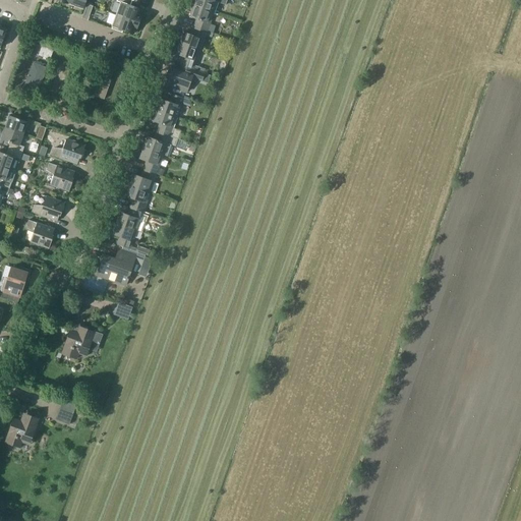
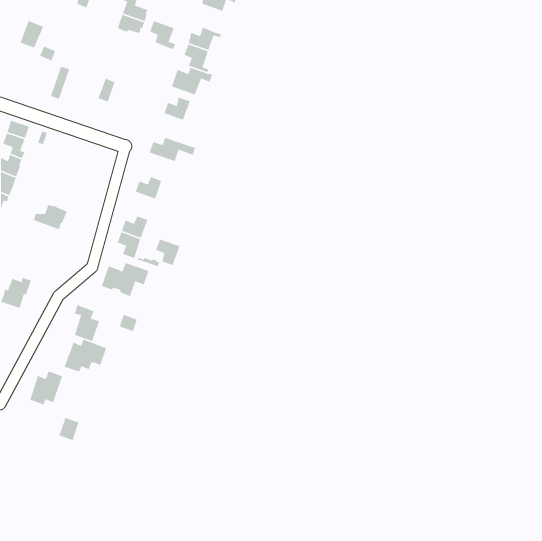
building: [189,4,215,33] -> [149,20,176,50]
building: [24,61,48,89] -> [20,20,44,49]
building: [153,109,183,139] -> none
building: [52,138,84,163] -> none
building: [138,147,165,175] -> none
building: [46,162,74,190] -> none
building: [125,184,150,211] -> [155,239,181,266]
building: [25,219,54,247] -> none
building: none -> [74,304,100,342]
building: [5,412,38,446] -> [29,371,63,406]

